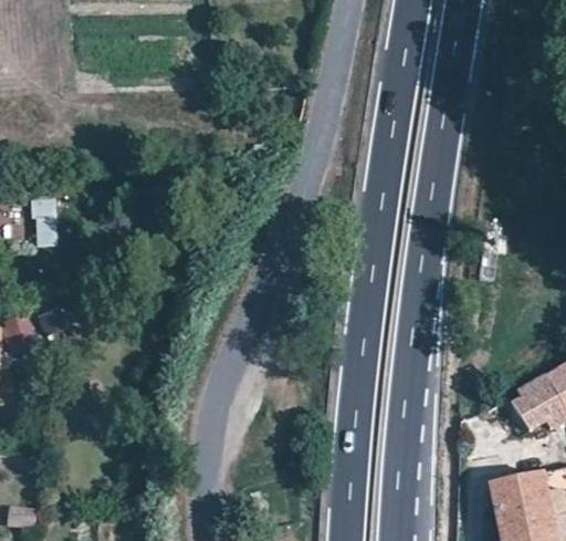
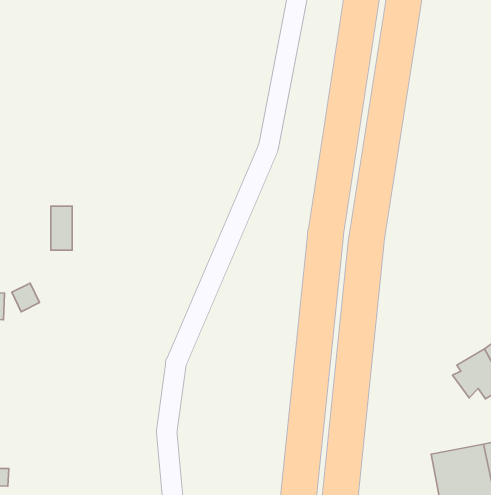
building: [35,198,59,246] -> [51,206,72,250]

